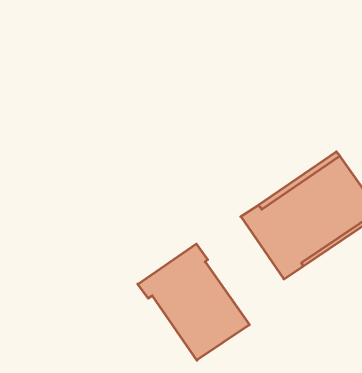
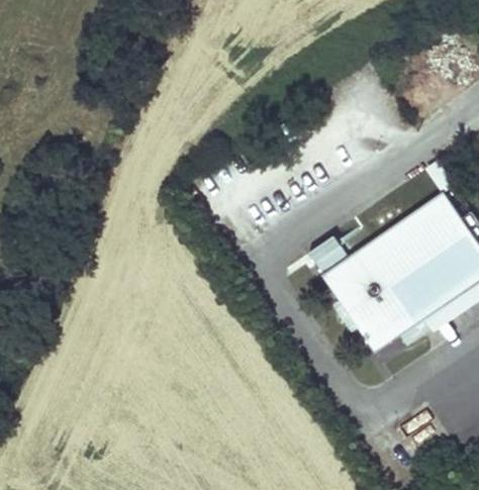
building: [138,244,249,360] -> none

